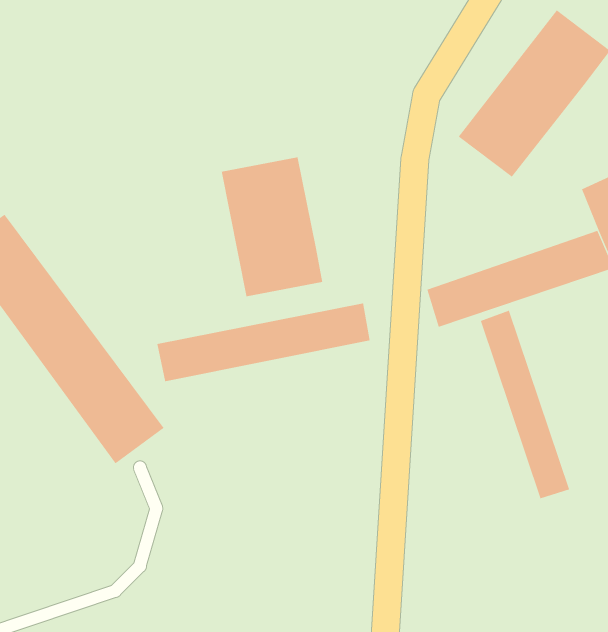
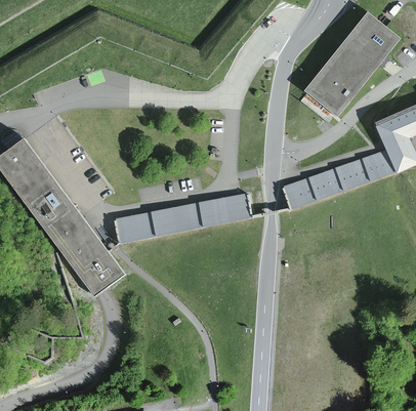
building: [221,157,323,297] -> none
building: [480,310,570,499] -> none

